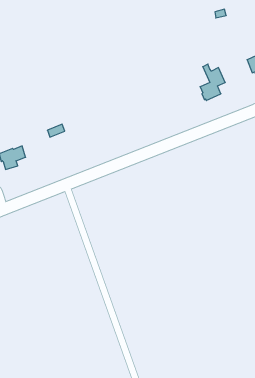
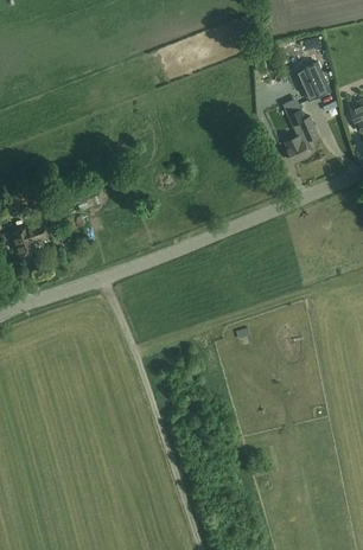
building: none -> [295,62,330,100]

